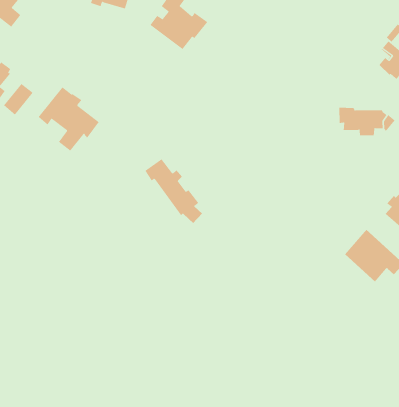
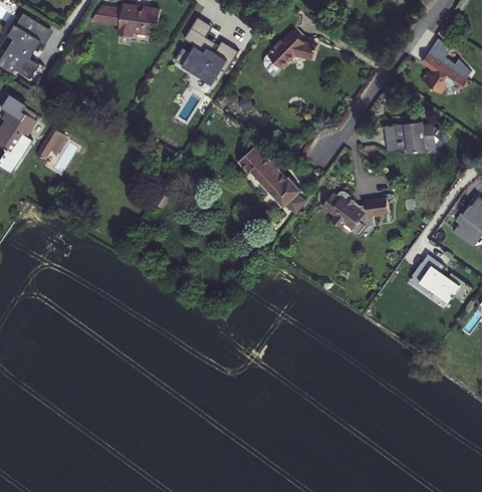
building: none -> [263,30,313,72]
building: [38,86,100,152] -> none
building: [145,158,203,224] -> [241,147,307,213]
building: none -> [327,187,395,232]

